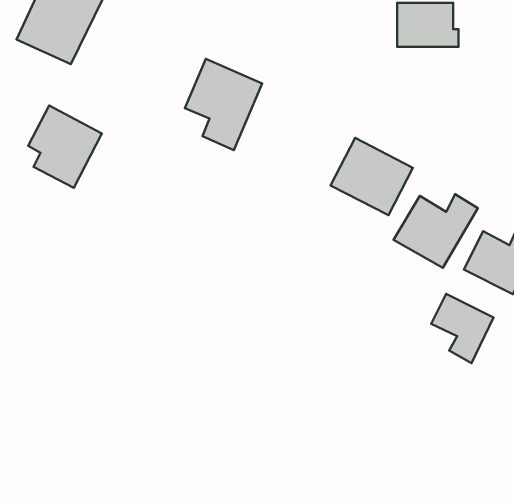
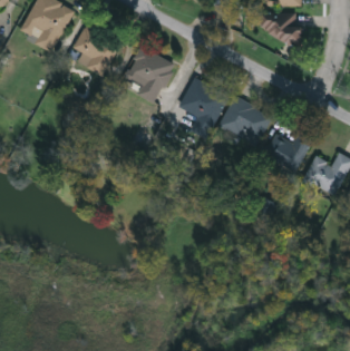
building: [28,105,102,188] -> [74,22,120,75]
building: none -> [181,76,230,139]
building: [431,294,494,363] -> none

